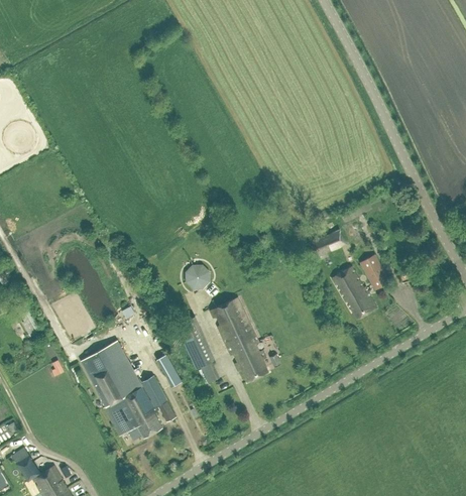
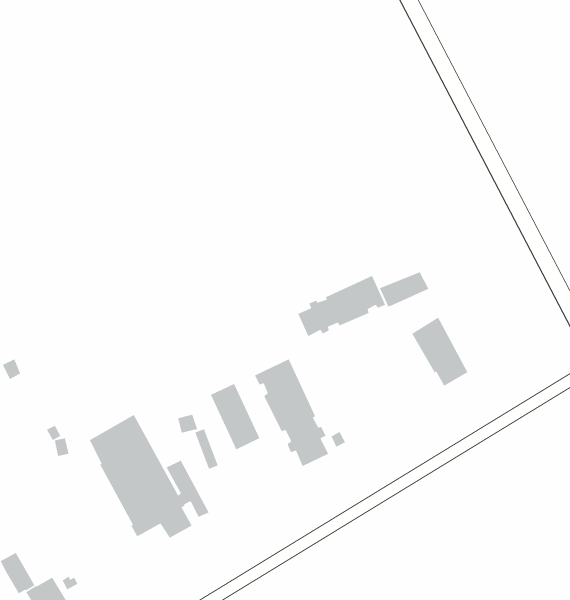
building: none -> [297,275,386,337]
building: [360,255,389,290] -> none
building: [187,265,209,288] -> none

